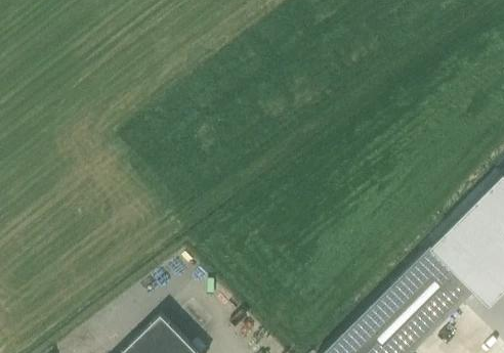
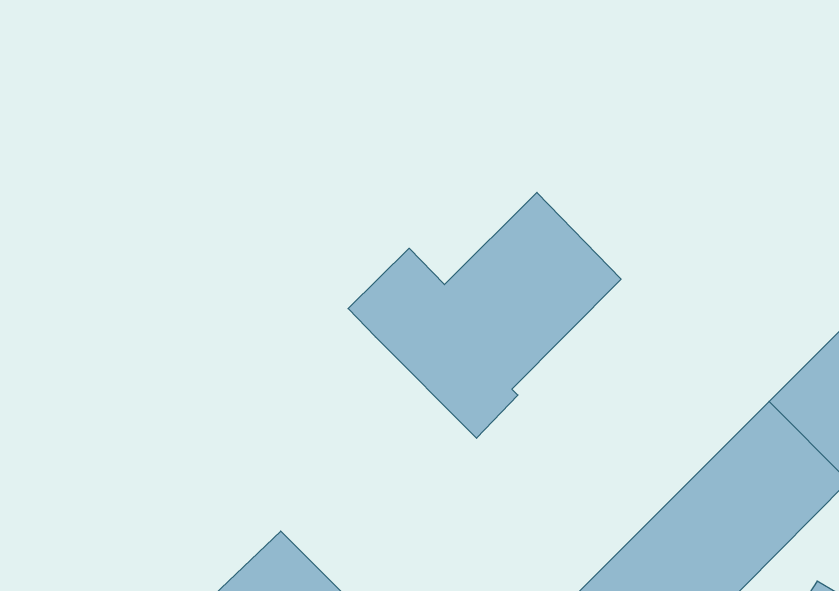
building: none -> [348,192,621,438]

